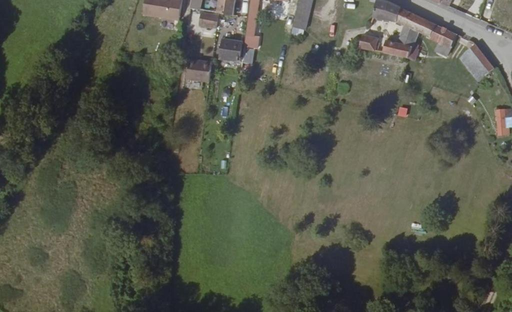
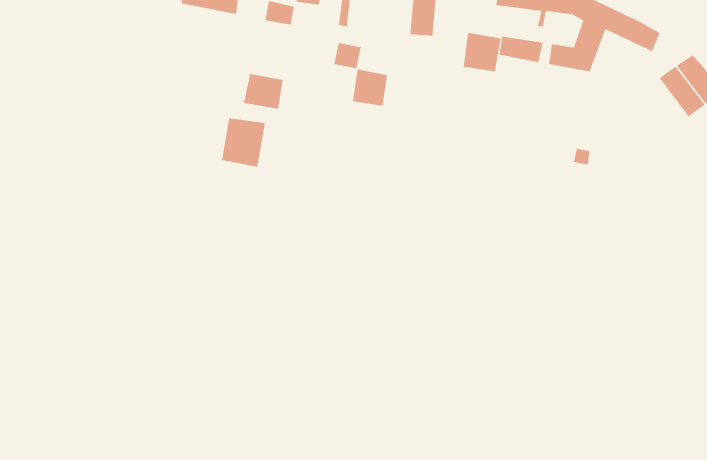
building: none -> [463,32,501,72]
building: [219,37,242,61] -> [352,69,388,106]
building: none -> [222,117,265,167]

